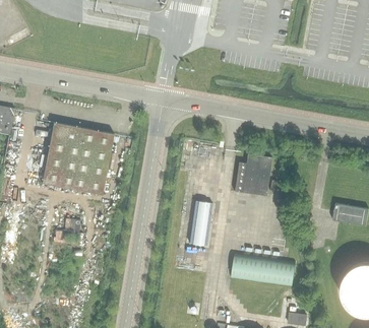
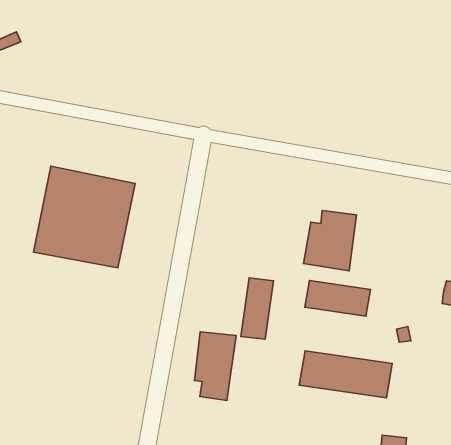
building: none -> [305,281,370,316]
building: none -> [194,332,236,401]

